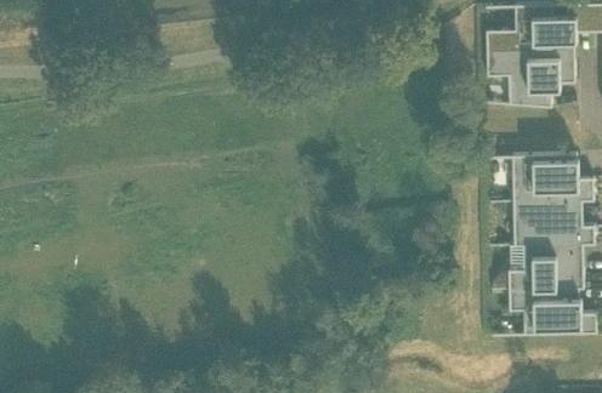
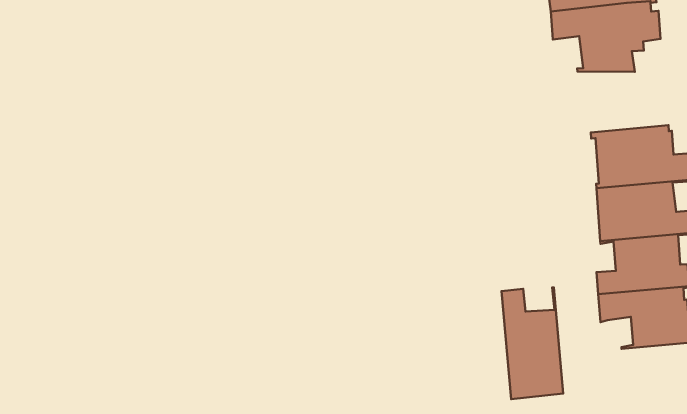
building: none -> [501,287,563,399]

